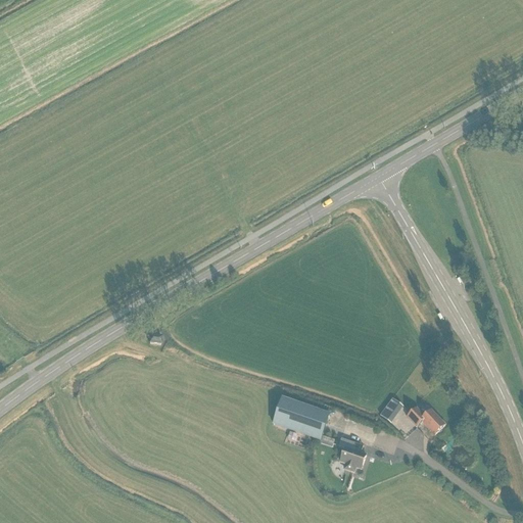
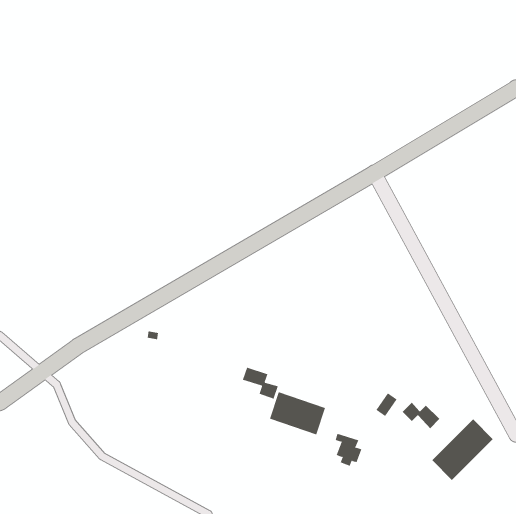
building: none -> [242,367,279,399]
building: none -> [431,418,493,481]

